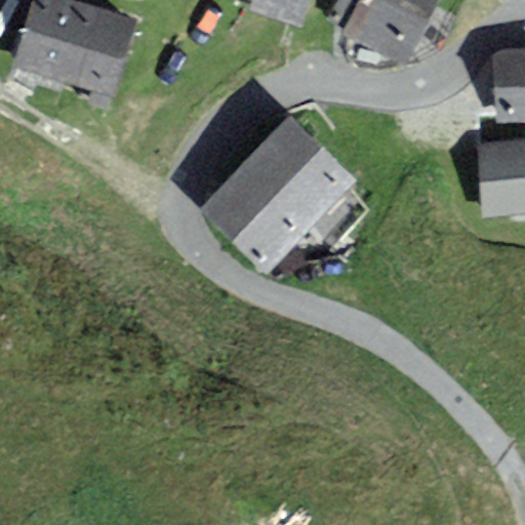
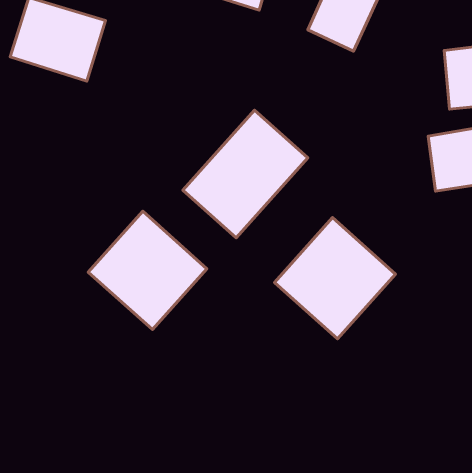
building: none -> [88,211,207,330]
building: none -> [274,218,395,339]

